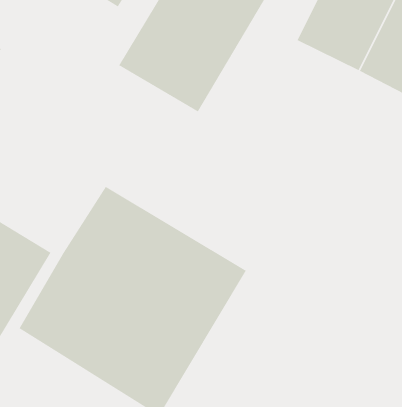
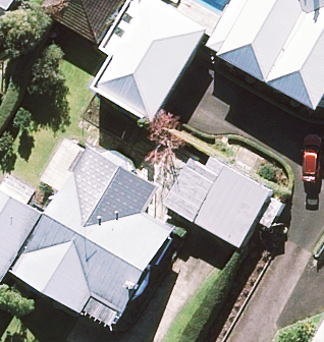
building: none -> [169,150,273,246]

